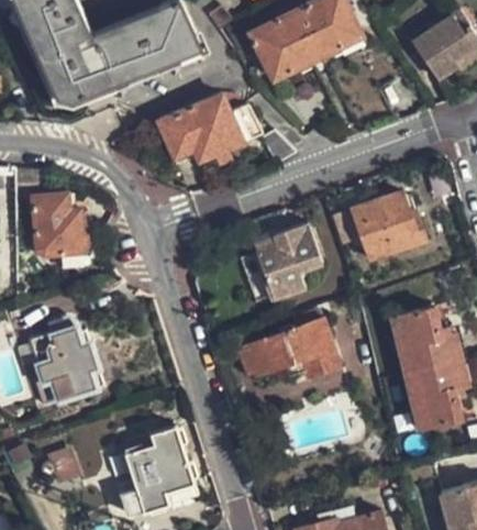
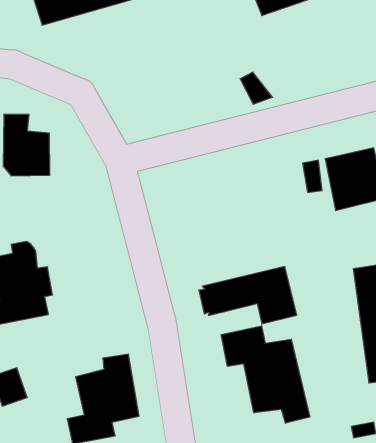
building: [154,95,262,164] -> none
building: [256,225,320,302] -> none
building: none -> [221,326,310,423]

